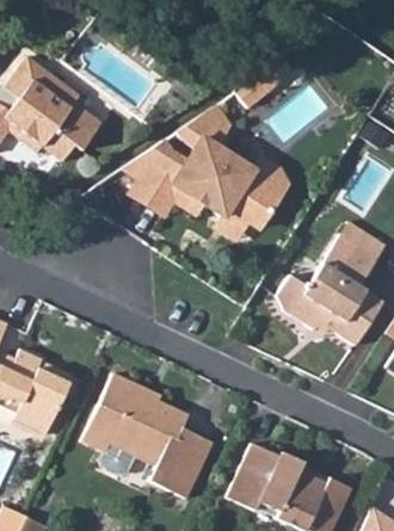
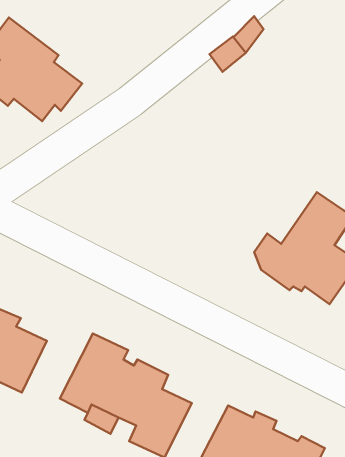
building: [128,105,287,233] -> none

